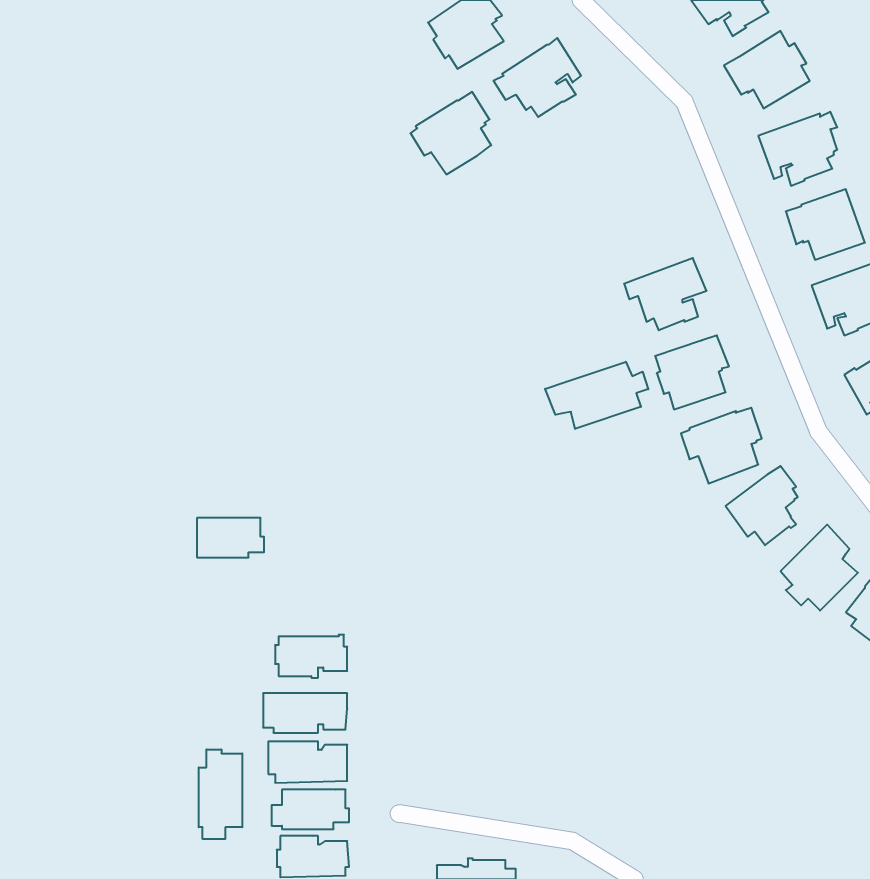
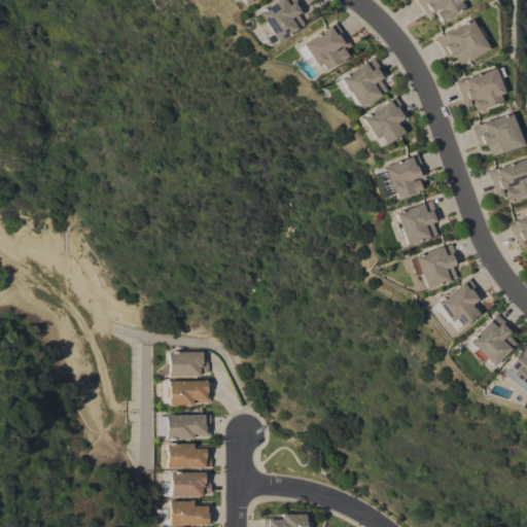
building: [410,92,491,174] -> [340,58,388,107]
building: none -> [364,97,408,146]
building: [545,362,648,429] -> none
building: [197,518,264,557] -> [172,352,212,376]
building: [199,749,242,839] -> none

